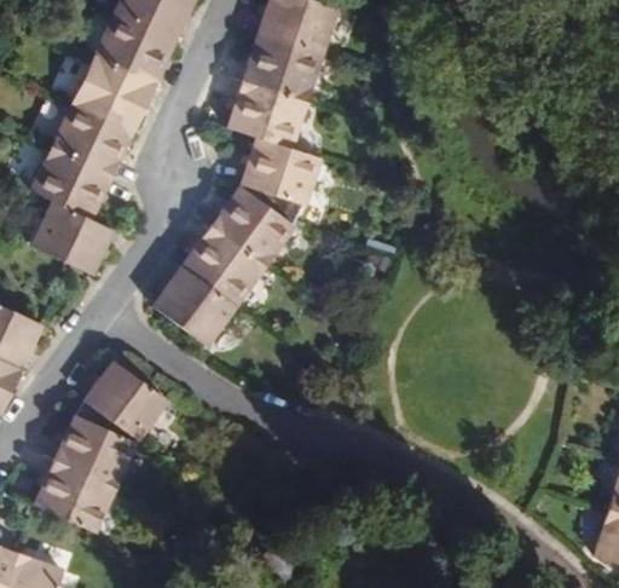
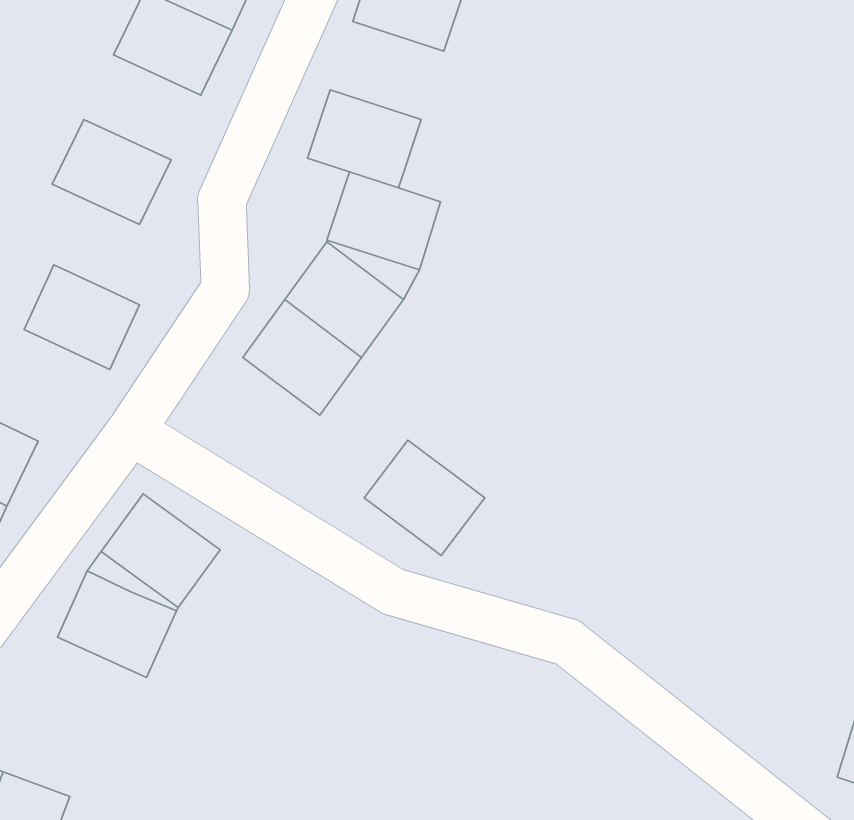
building: [242,34,320,102] -> none
building: [71,57,152,129] -> none
building: [29,146,110,220] -> none
building: [151,266,235,346] -> [364,440,485,556]
building: [33,460,115,532] -> none

